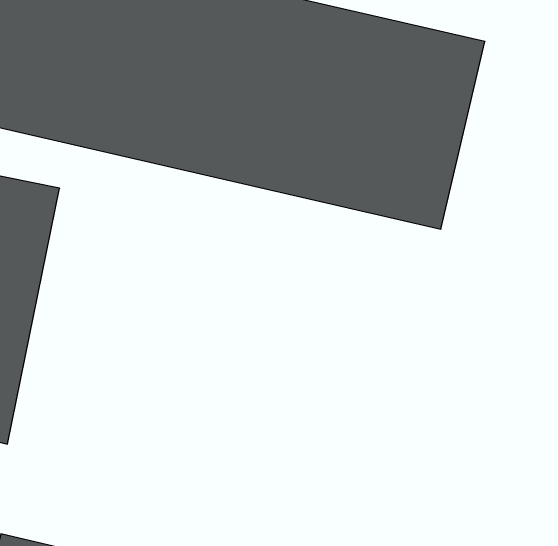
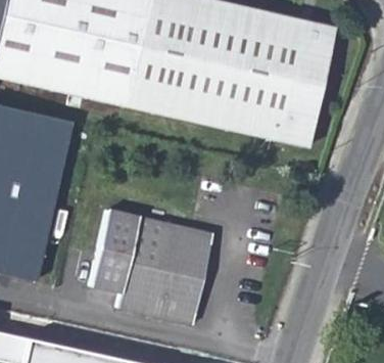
building: none -> [92,209,215,321]

